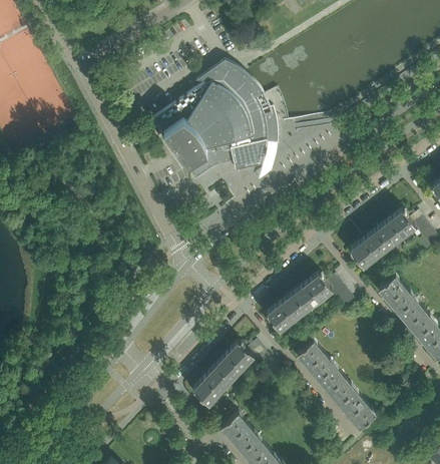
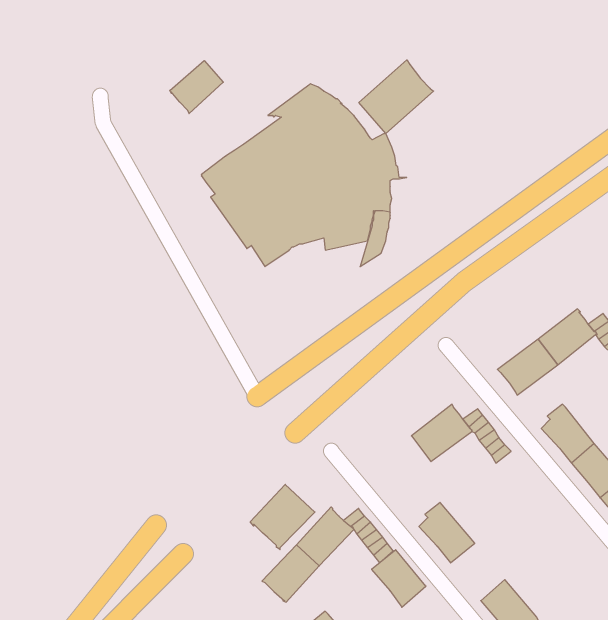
building: none -> [359,60,434,134]
building: none -> [170,61,223,114]
building: [266,295,304,332] -> none
building: none -> [250,484,315,550]
building: [317,366,353,404] -> [372,550,426,607]

